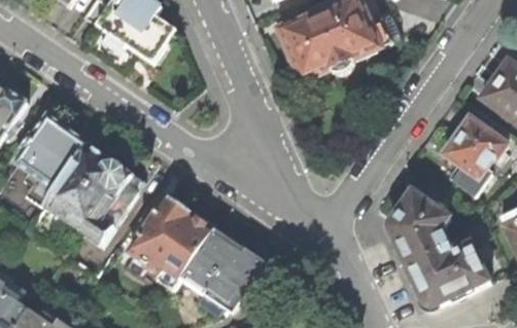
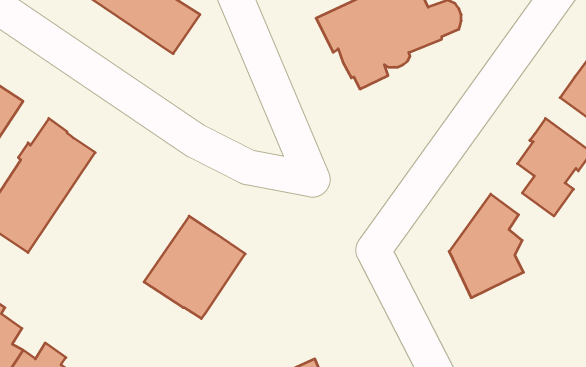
building: [31,143,144,245] -> none
building: [180,228,267,306] -> none
building: [405,242,488,311] -> none

